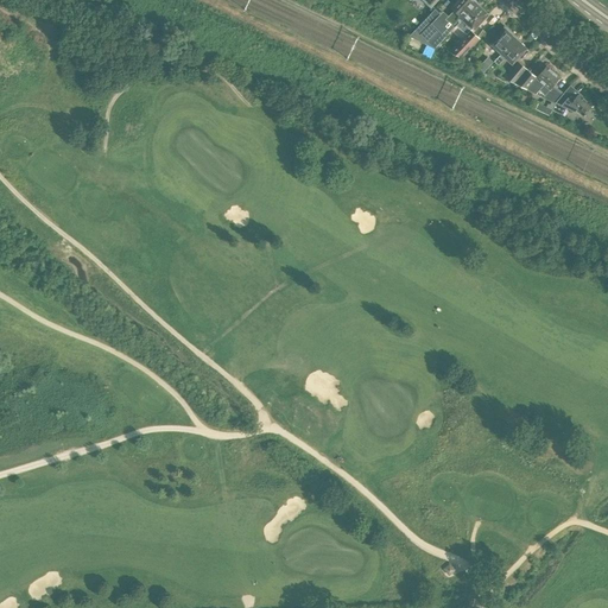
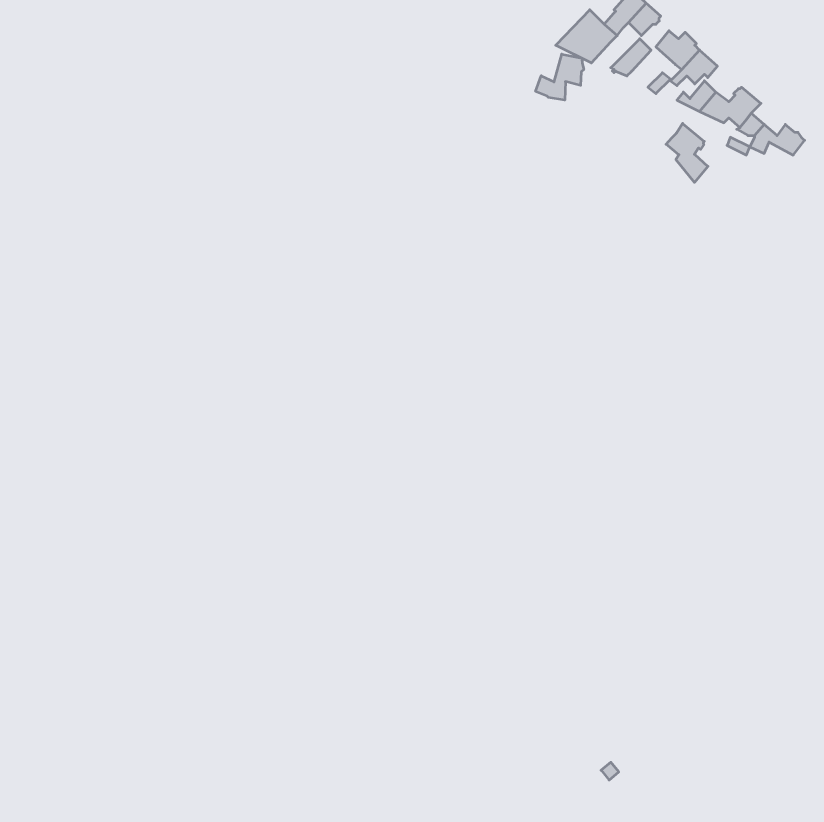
building: none -> [536,54,584,100]
building: none -> [666,123,708,182]

